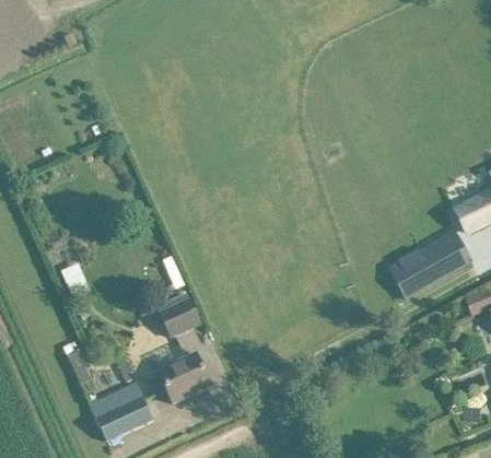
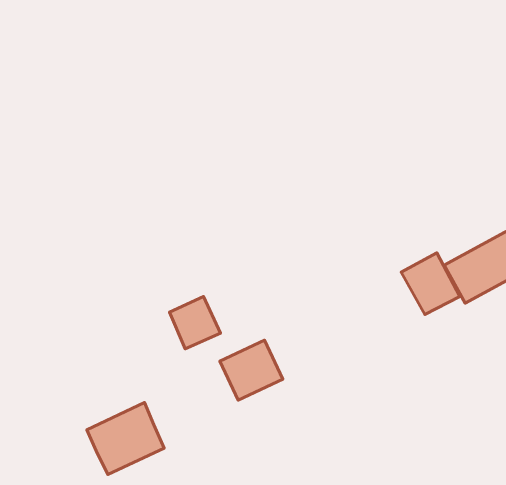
building: none -> [401,253,460,315]
building: [159,352,211,402] -> [220,340,283,400]

